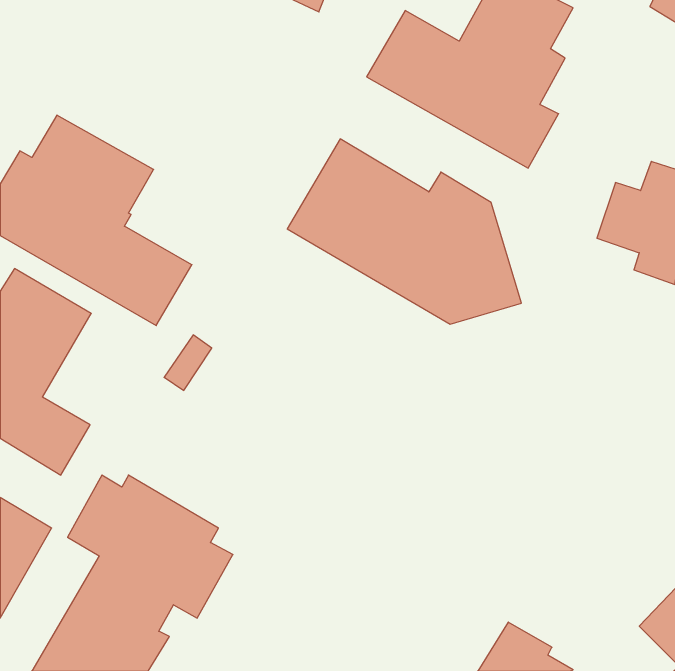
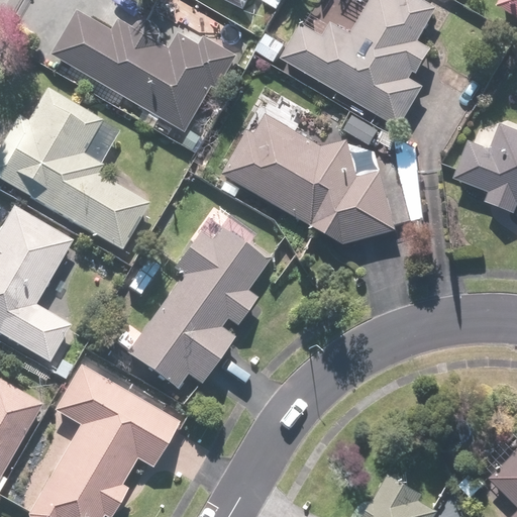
building: none -> [54,9,248,140]
building: none -> [130,224,269,390]

